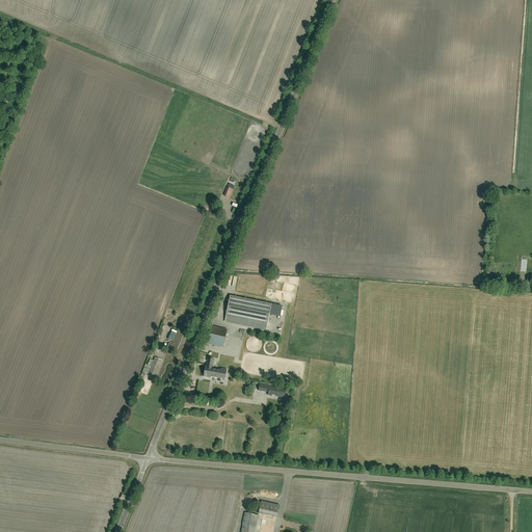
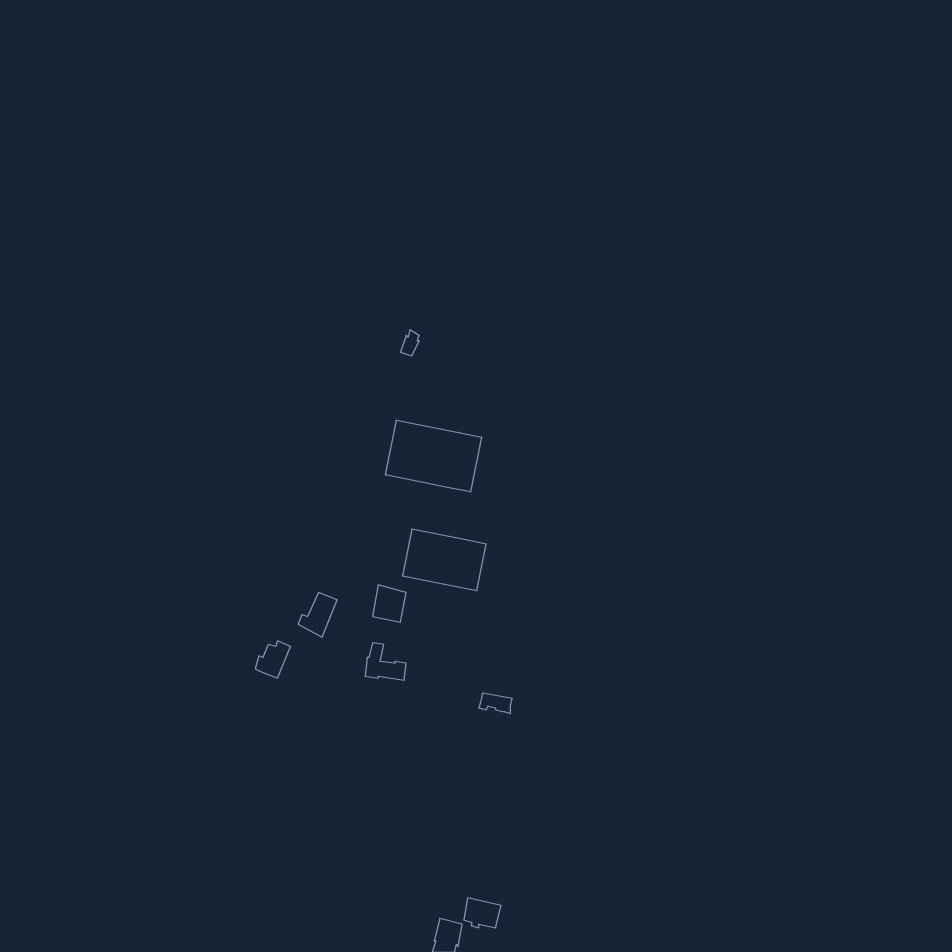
building: none -> [385,420,482,492]

